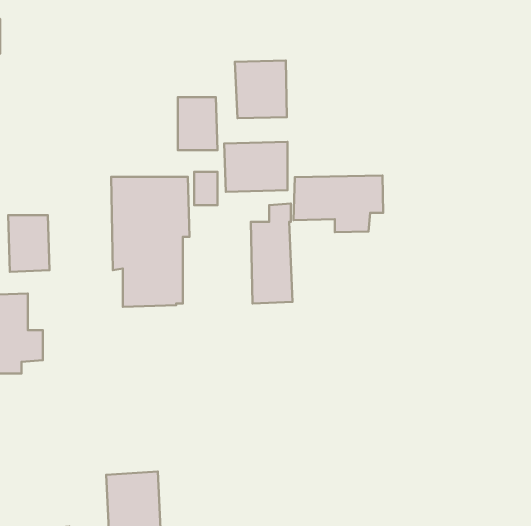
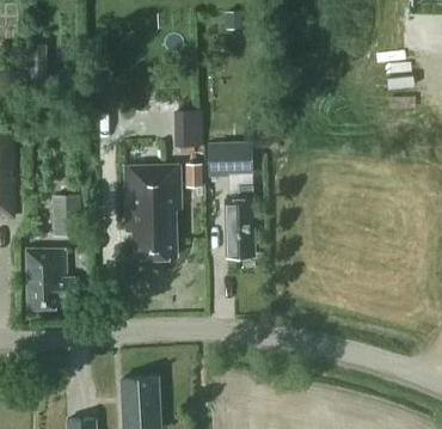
building: [235,60,287,118] -> none
building: [294,176,383,232] -> none

